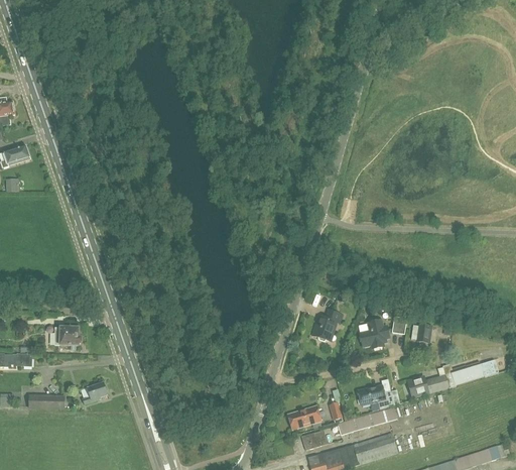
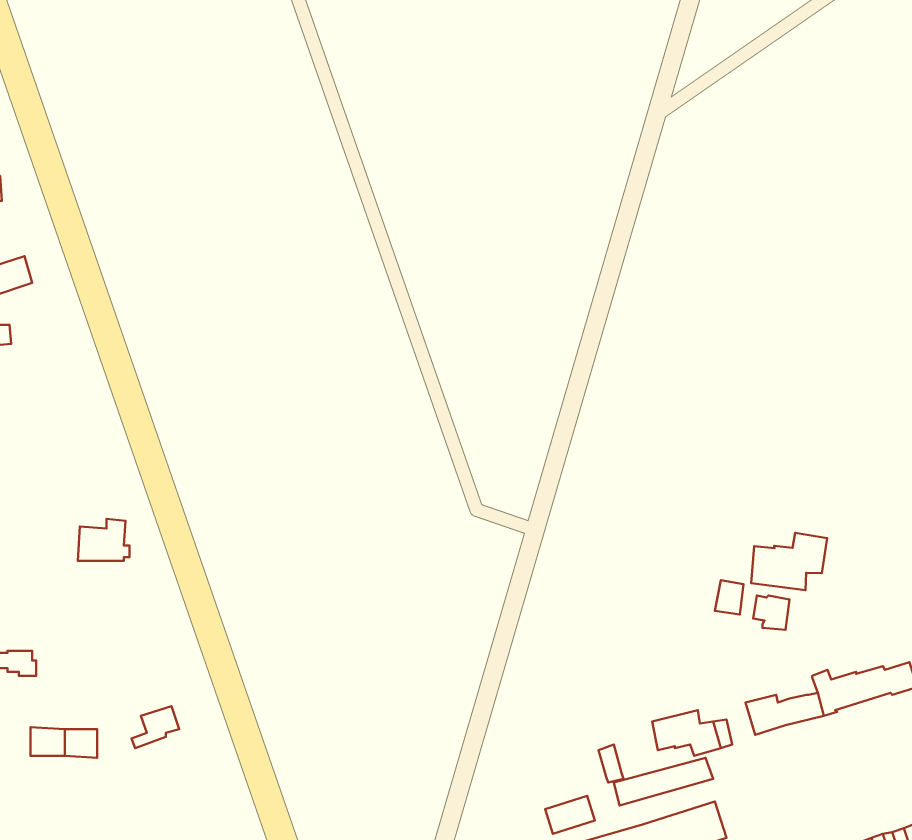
building: none -> [751,533,827,590]
building: [310,311,341,342] -> none
building: [359,320,388,349] -> none
building: [53,323,81,345] -> [78,519,129,561]
building: [286,406,319,430] -> none

